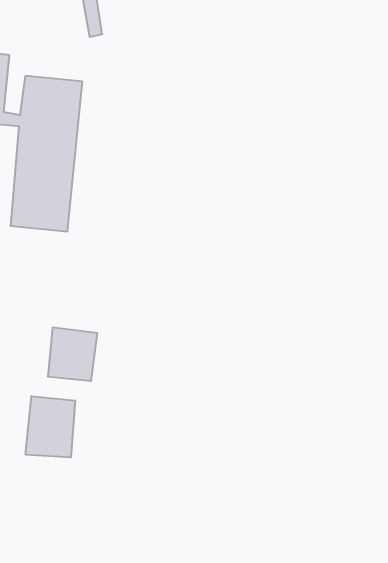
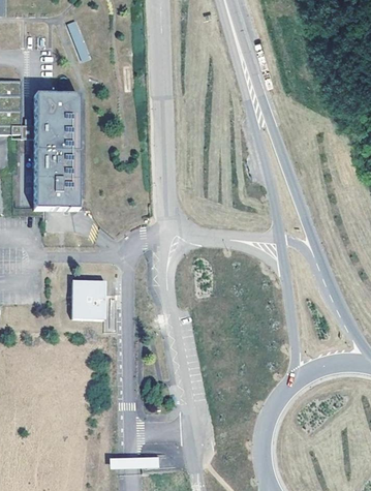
building: [26,396,75,458] -> none

